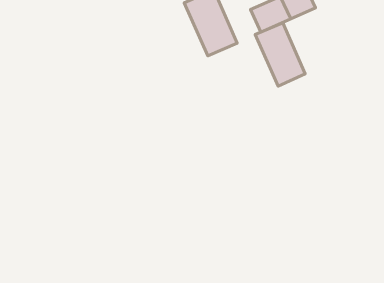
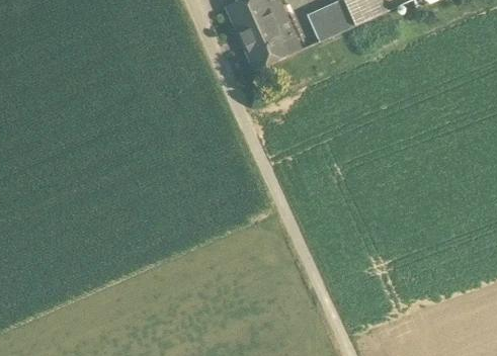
building: [255,23,305,86] -> none

